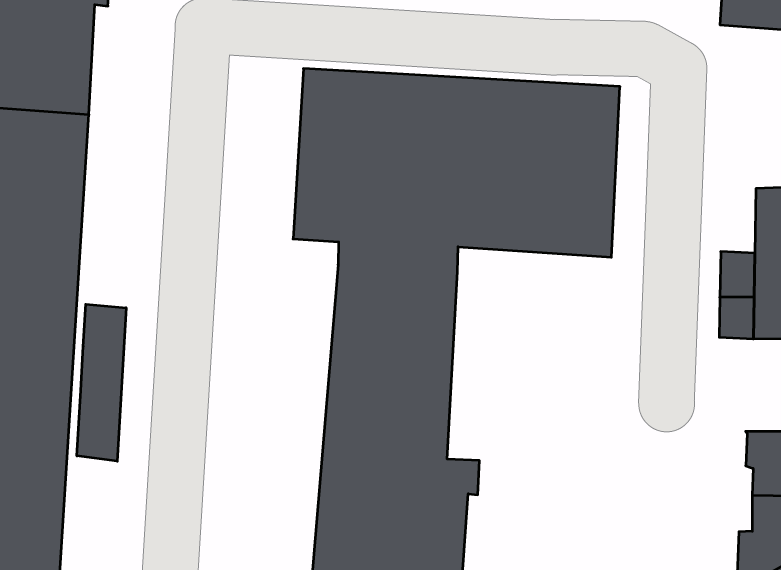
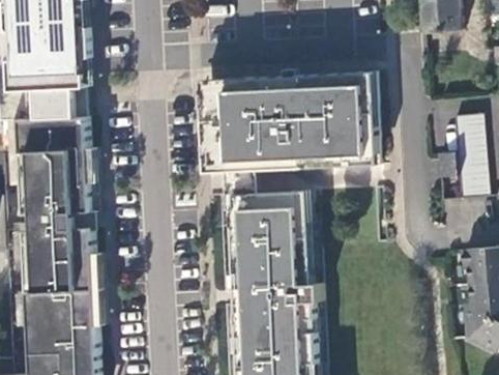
building: [77,304,126,461] -> none

